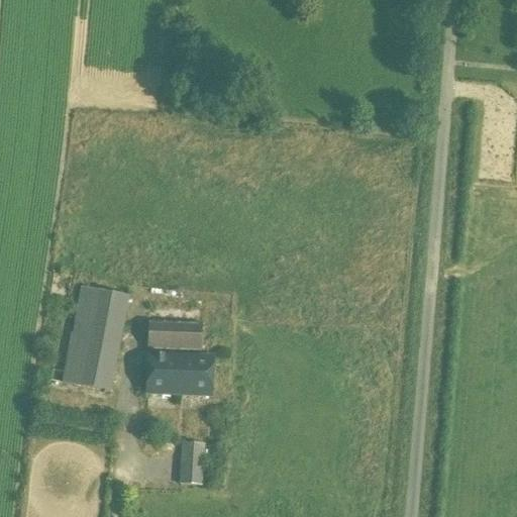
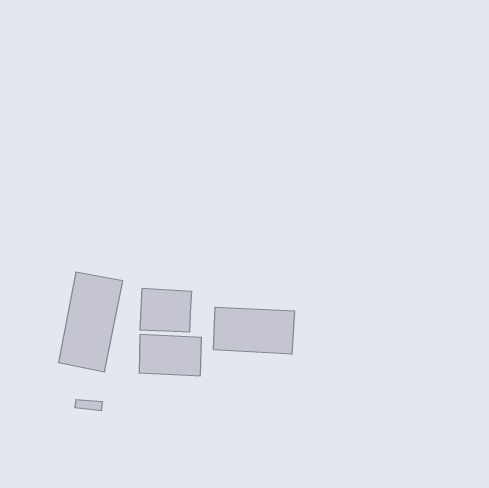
building: none -> [214,307,295,354]
building: [177,436,199,478] -> none

